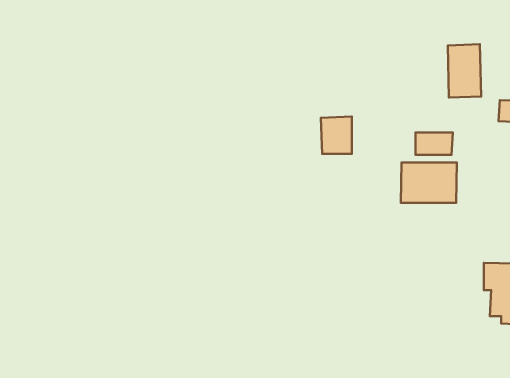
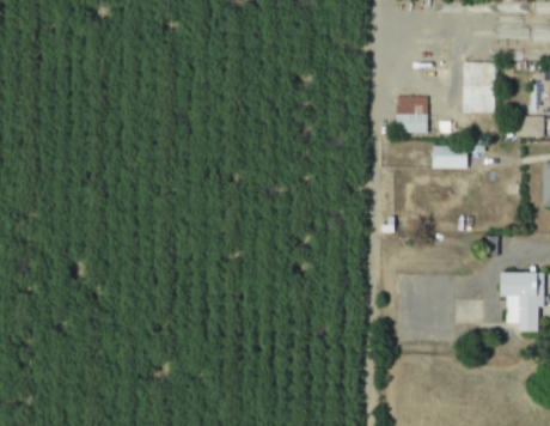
building: [321,117,352,154] -> [396,96,426,132]
building: [401,163,457,203] -> none

